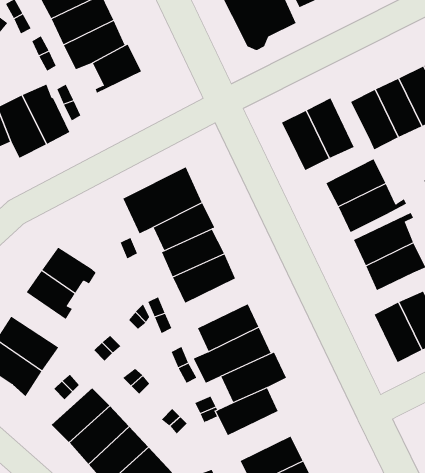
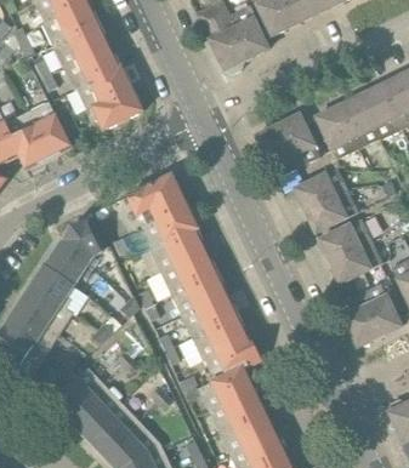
building: none -> [92,90,142,129]
building: none -> [58,219,101,263]
building: none -> [170,272,226,315]
building: none -> [17,284,73,332]
building: none -> [208,388,263,432]

